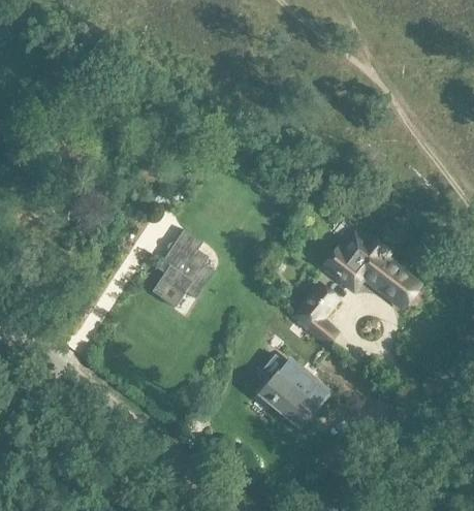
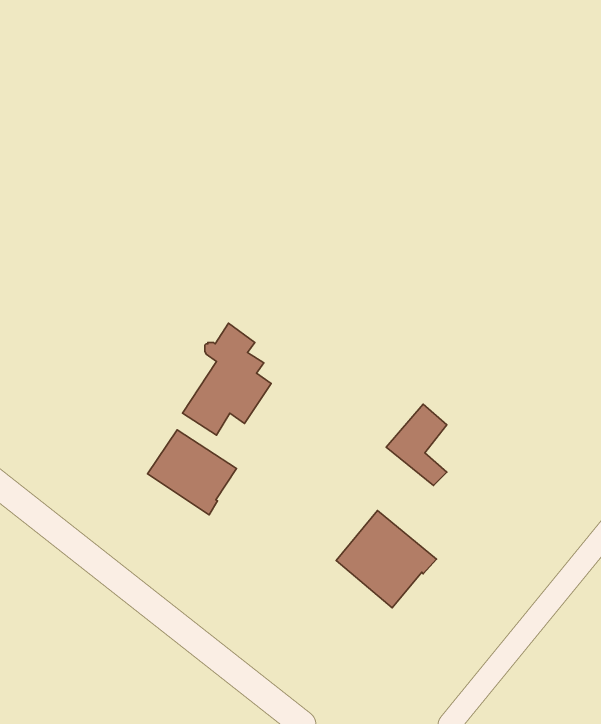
building: [326,231,417,306] -> none
building: none -> [148,430,236,515]

